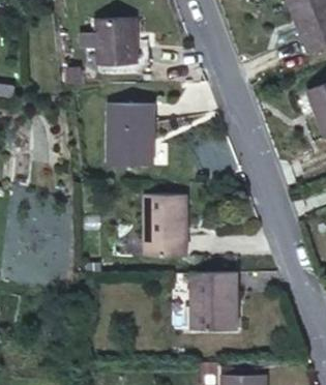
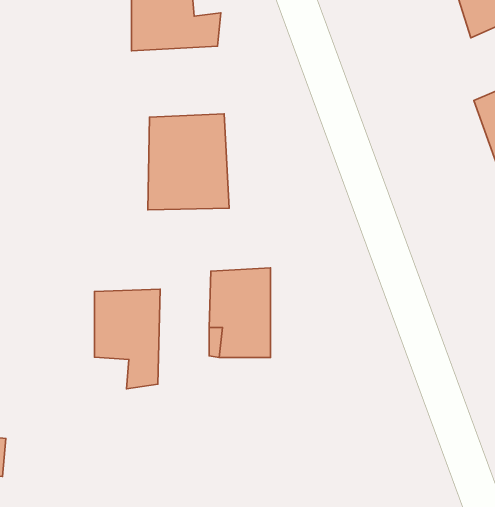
building: none -> [94,289,160,389]
building: [190,271,239,329] -> none

